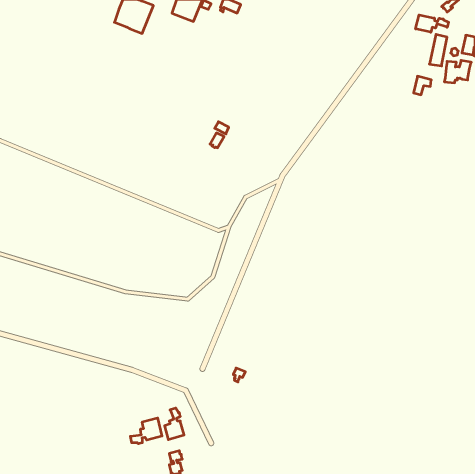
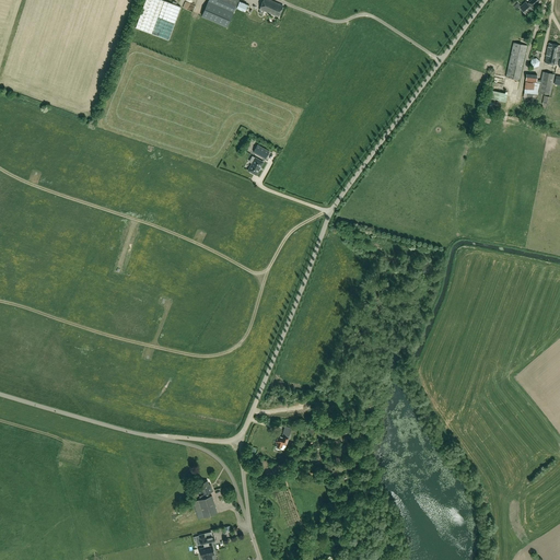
building: [416,15,449,32] -> none
building: [130,418,162,444] -> none

